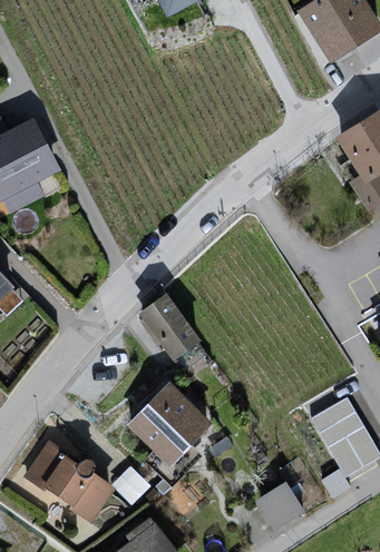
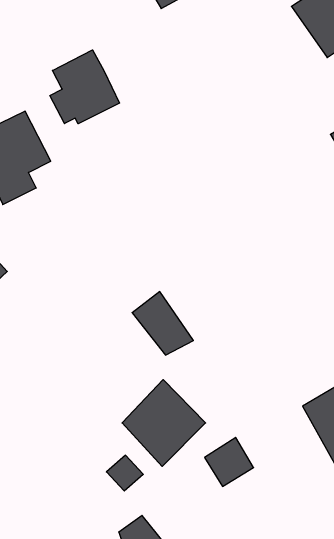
building: none -> [50,50,119,124]
building: [25,445,116,530] -> none
building: [255,473,304,522] -> [205,437,254,486]

